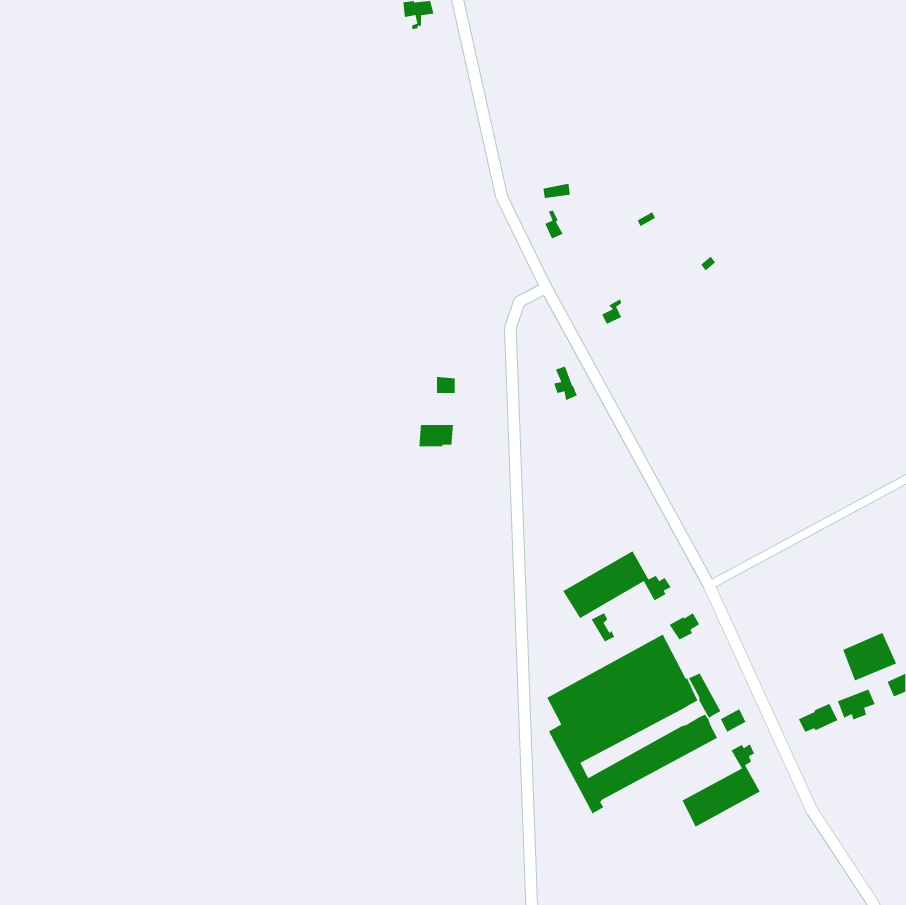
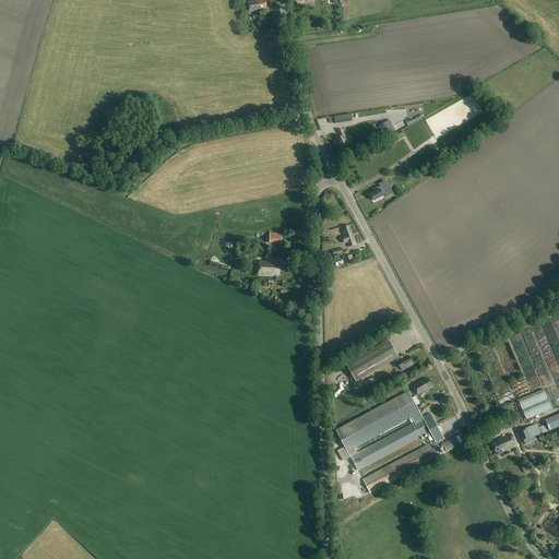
building: [681,743,761,828] -> none

